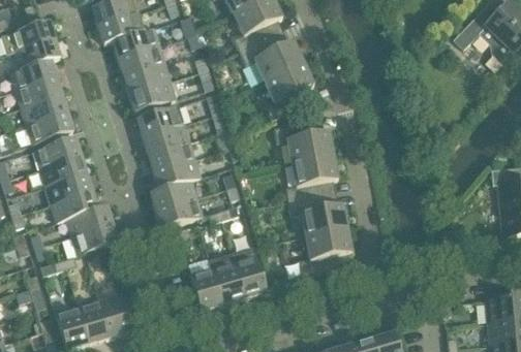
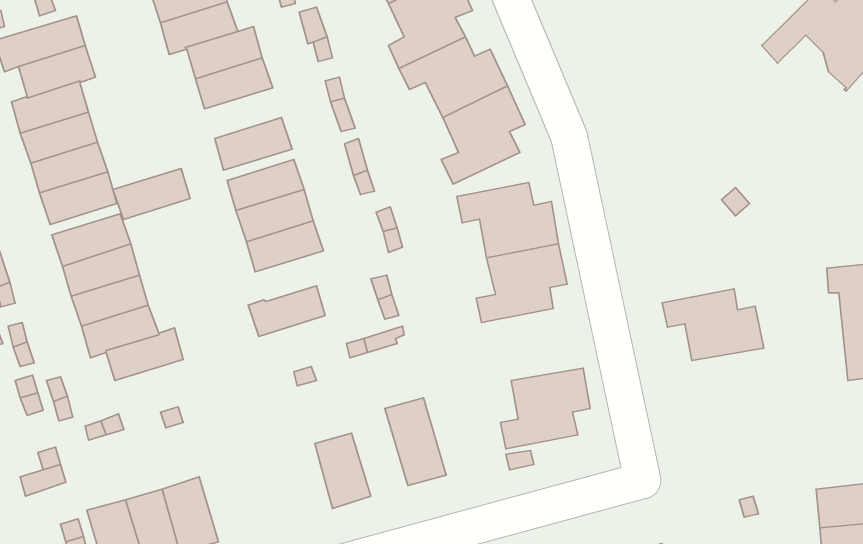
building: [124,63,170,93] -> [113,169,190,219]
building: [154,159,200,189] -> none
building: [287,193,347,235] -> [662,289,764,361]
building: [156,197,202,228] -> none
building: [71,223,118,254] -> none
building: [209,252,244,303] -> none

